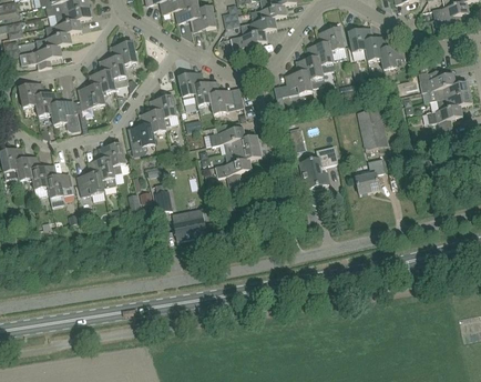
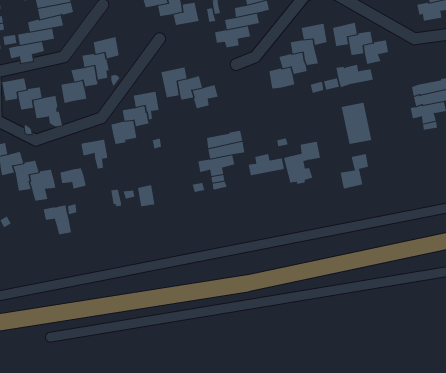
building: [418,69,456,92] -> [336,64,373,88]
building: [208,122,245,144] -> [248,153,285,176]
building: [88,158,116,188] -> [43,205,72,235]
building: [172,208,206,240] -> none

